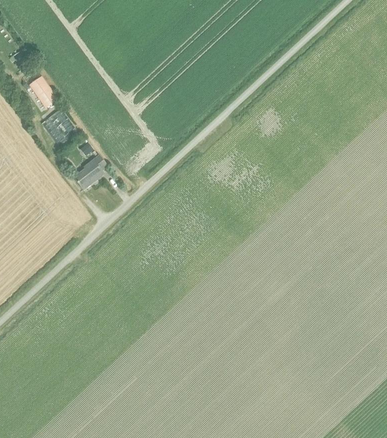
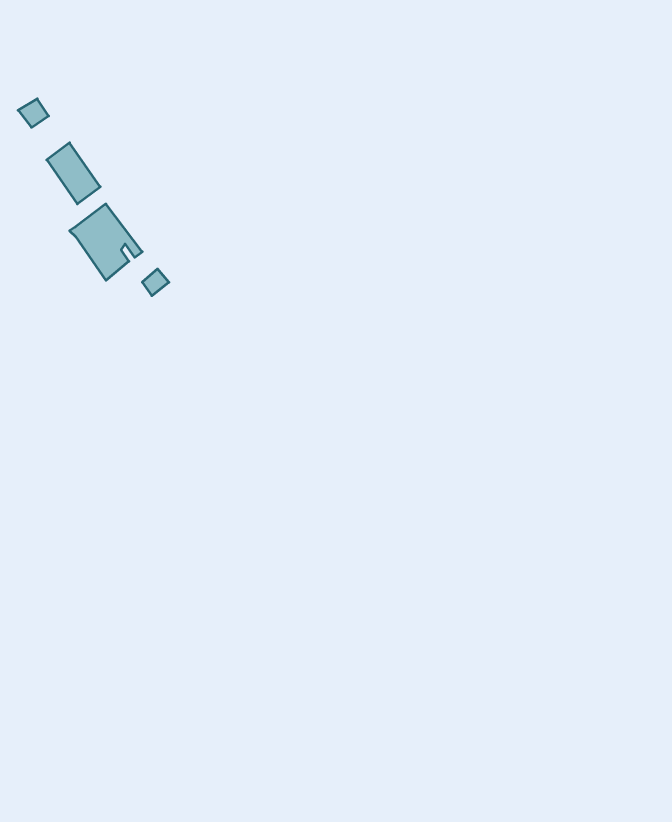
building: [74,155,106,188] -> none

